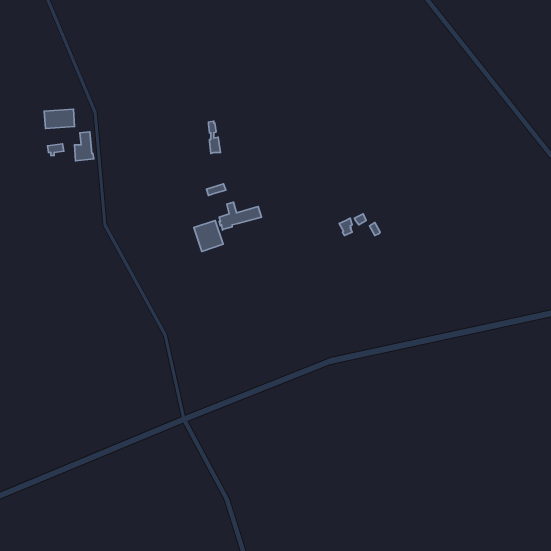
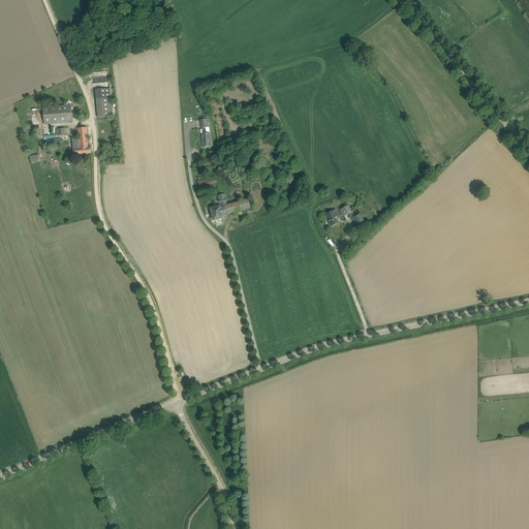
building: none -> [95,88,112,117]
building: [194,220,223,251] -> none

